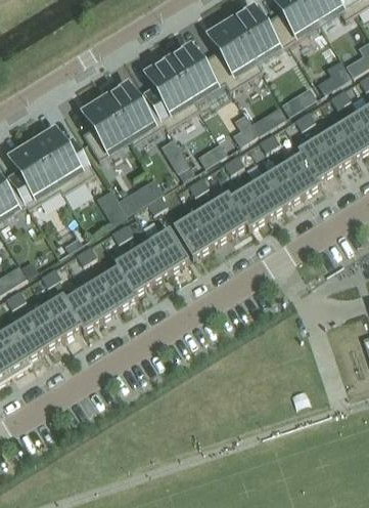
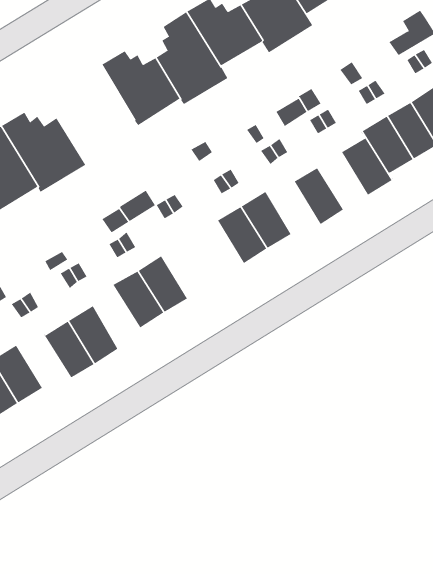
building: [83,96,131,157] -> none
building: [265,161,302,203] -> none
building: [227,182,267,225] -> none
building: [173,211,211,254] -> none
building: [150,225,188,268] -> none
building: [100,258,137,305] -> none
building: [44,291,84,334] -> none

